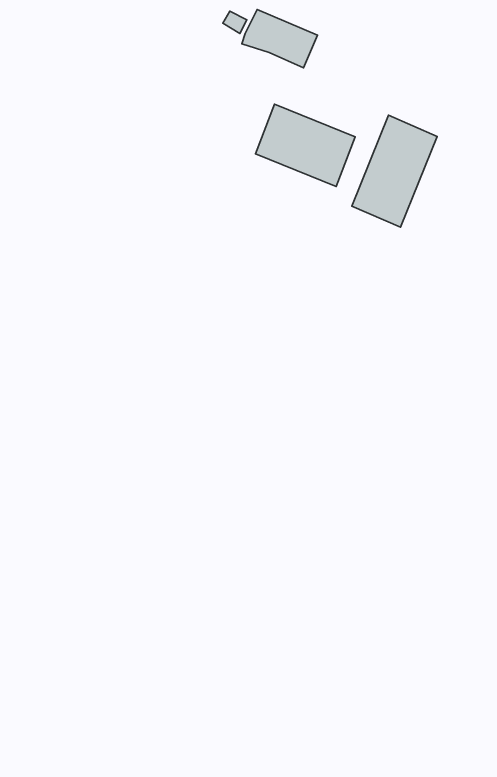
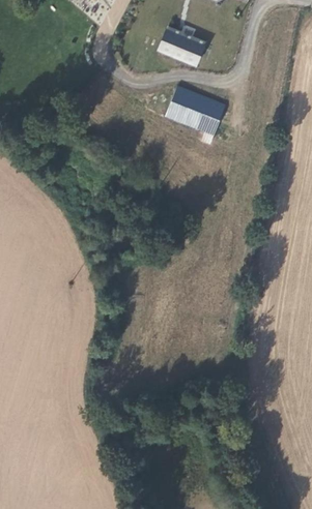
building: [352,115,437,227] -> none

